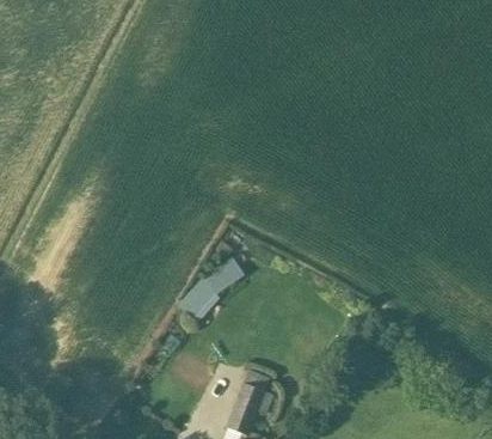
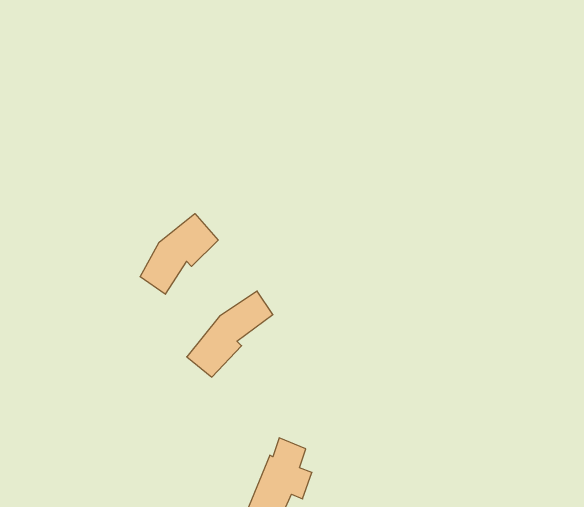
building: none -> [140,214,218,294]

